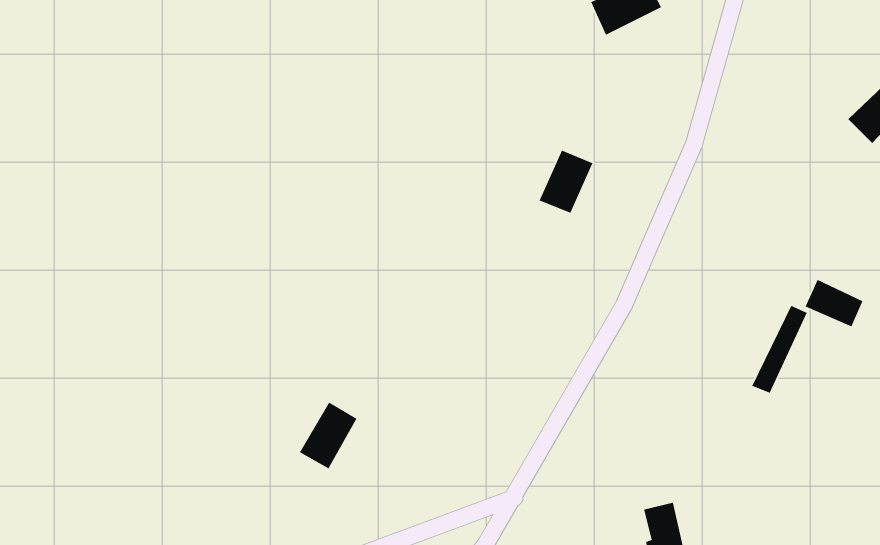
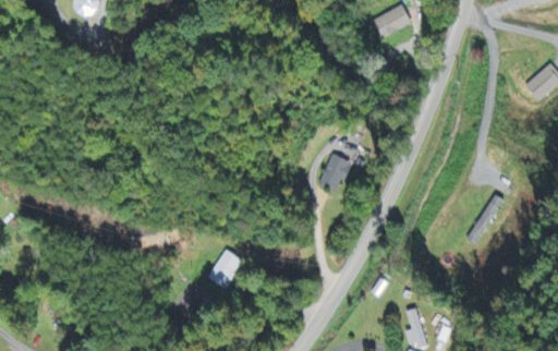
building: [539,150,594,214] -> [319,154,351,191]
building: [804,279,863,328] -> none

